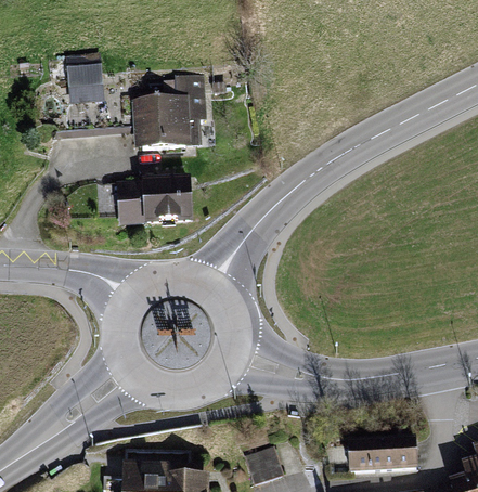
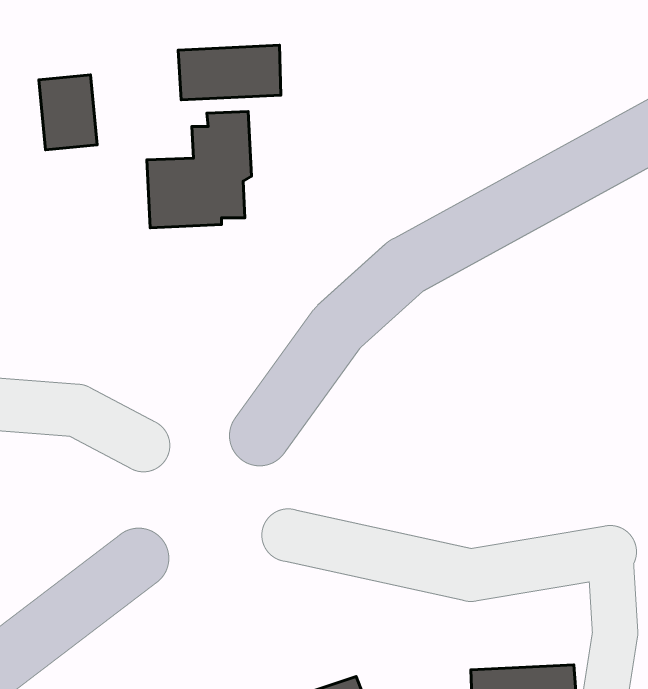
building: none -> [178,45,281,100]
building: [119,184,191,230] -> none

